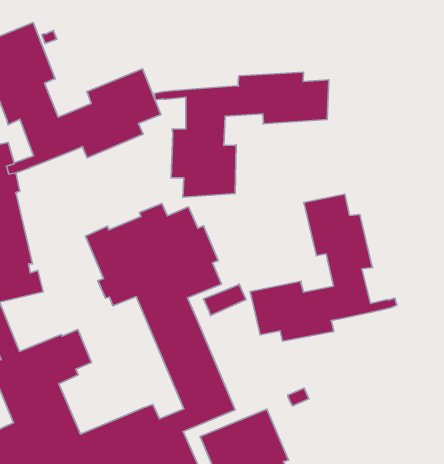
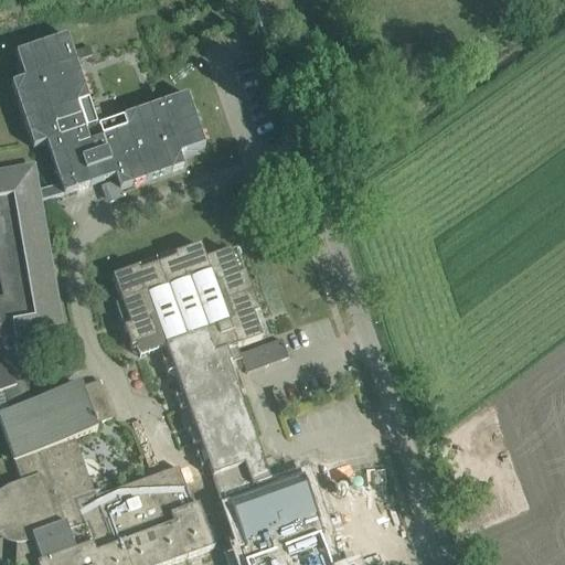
building: [155,72,329,197] -> none
building: [250,194,397,341] -> none

